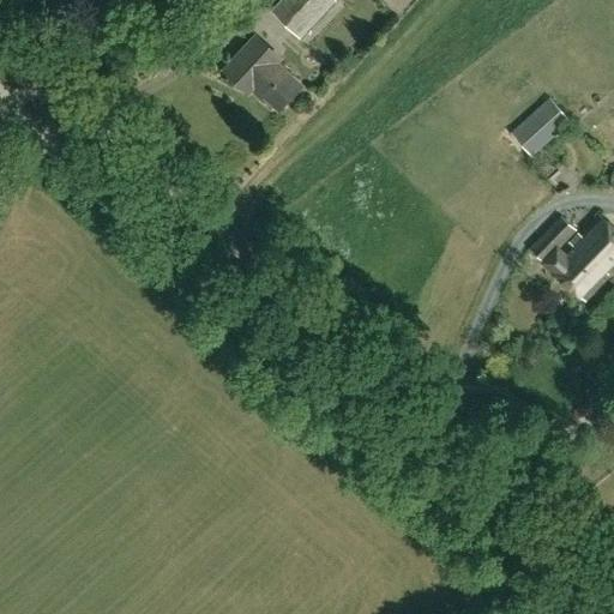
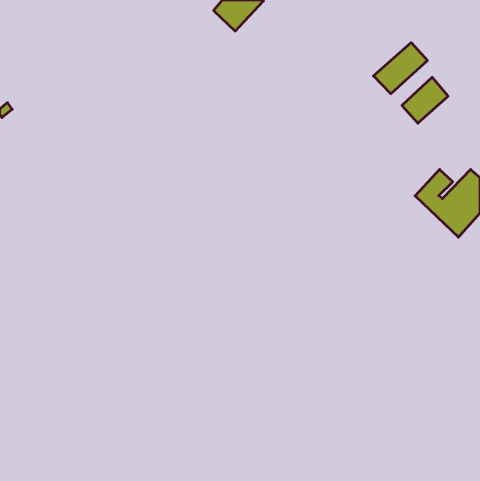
building: [225,37,302,110] -> none
building: none -> [373,43,427,94]

